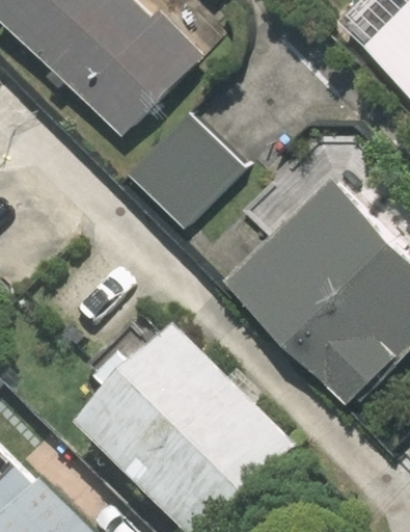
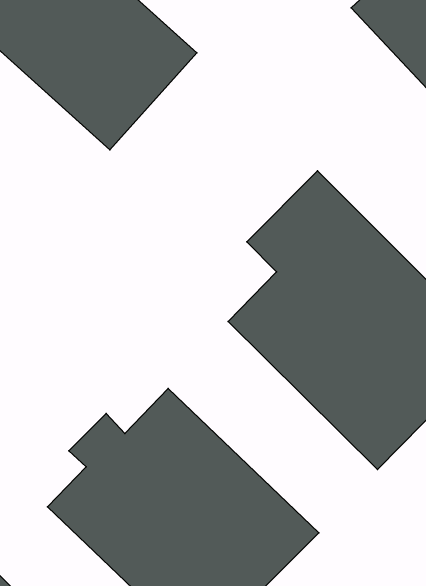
building: [130,107,250,227] -> none

